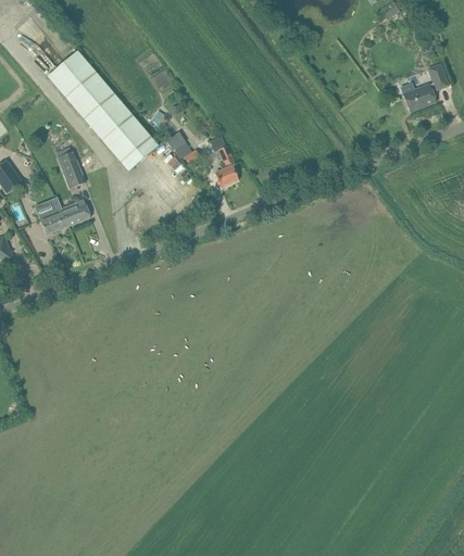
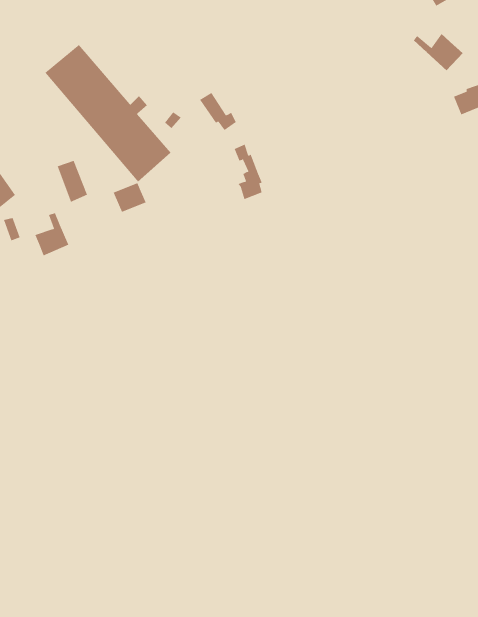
building: none -> [413,33,463,71]
building: [167,131,200,165] -> [199,92,237,131]
building: [61,199,90,225] -> [113,183,147,212]

